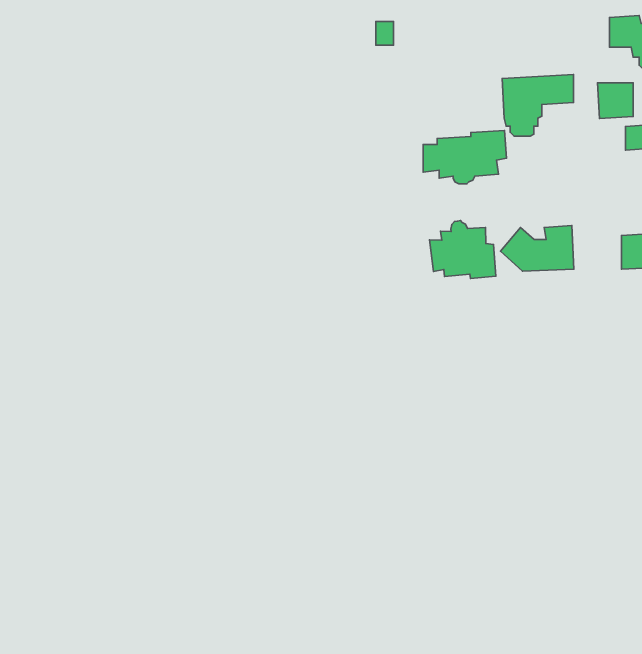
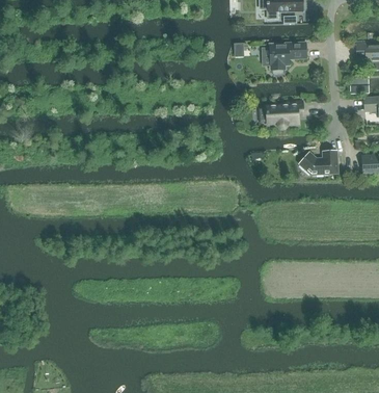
building: [502,75,574,136] -> [269,42,306,74]
building: [430,220,496,279] -> none

